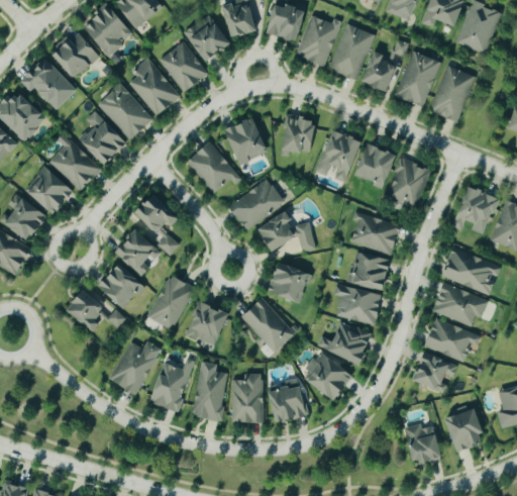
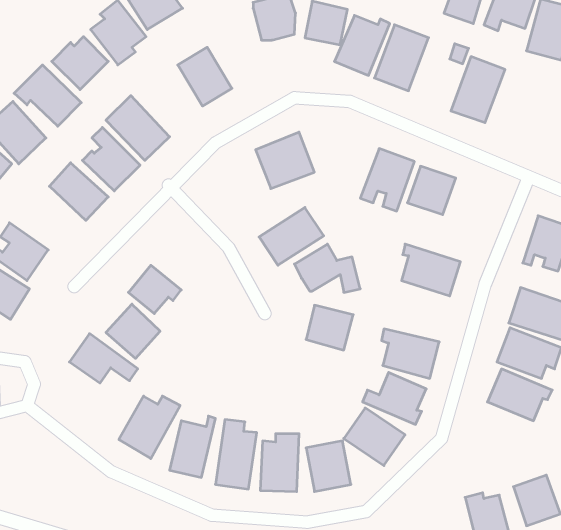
building: [182,14,230,63] -> none
building: [363,55,398,92] -> none
building: [126,59,179,117] -> none
building: [429,66,473,120] -> none
building: [282,115,315,154] -> none
building: [186,142,240,194] -> none
building: [385,158,429,209] -> none
building: [22,166,74,215] -> none
building: [135,195,179,257] -> none
building: [345,253,392,291] -> none
building: [146,275,194,330] -> none
building: [240,298,295,354] -> none
building: [187,303,226,345] -> none
building: [414,353,457,393] -> none

